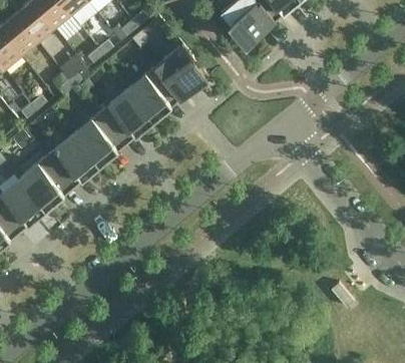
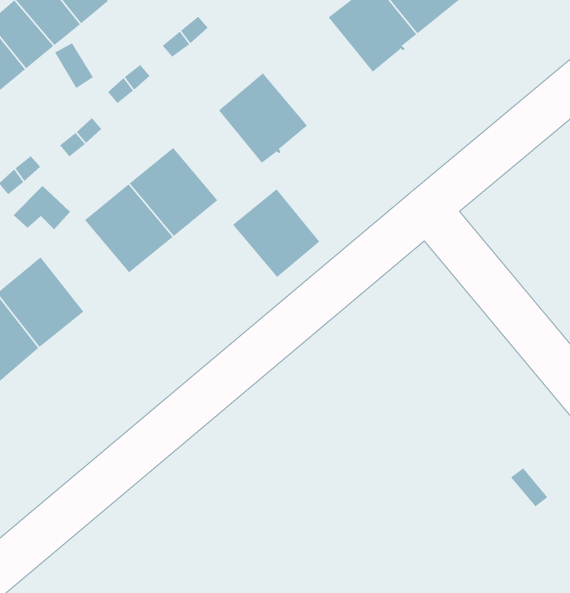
building: [125,68,178,122] -> [232,188,320,278]
building: [45,134,98,190] -> none

